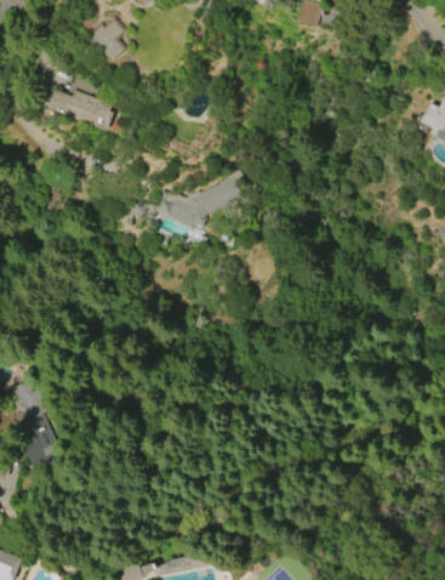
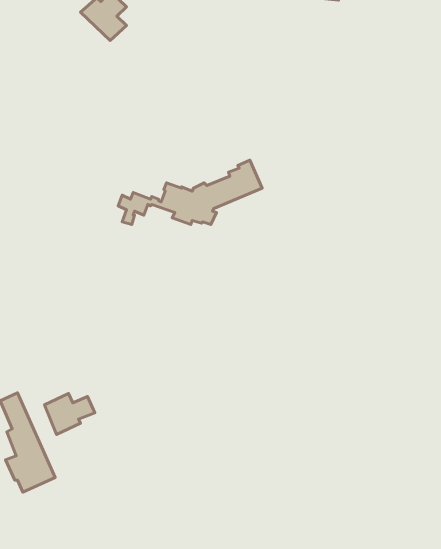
building: [47,76,113,130] -> none
building: none -> [45,393,95,435]

